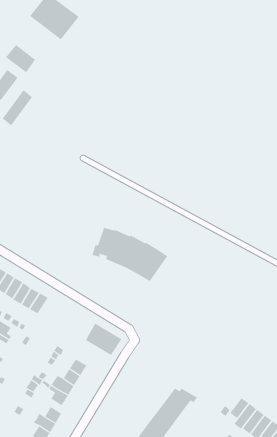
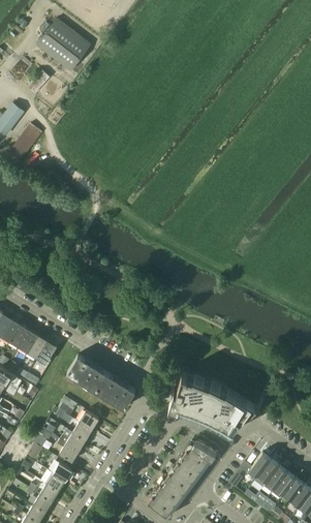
building: [5,44,36,73] -> none
building: [91,227,168,281] -> [168,374,251,432]
building: none -> [66,357,106,393]

